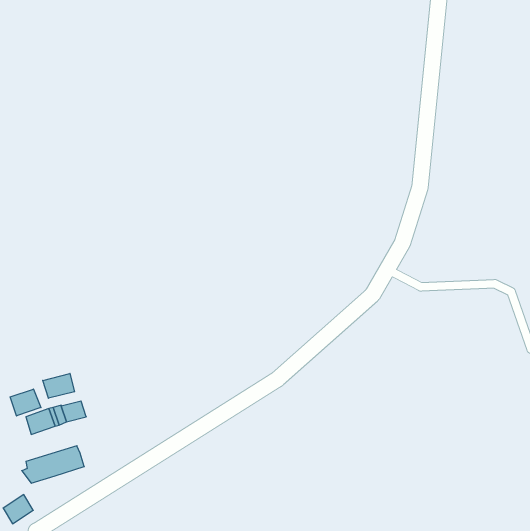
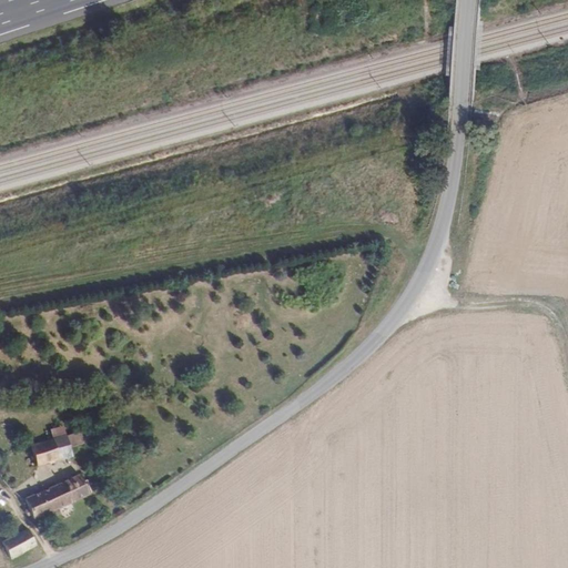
building: [43,373,75,398] -> none
building: [10,389,41,416] -> none

